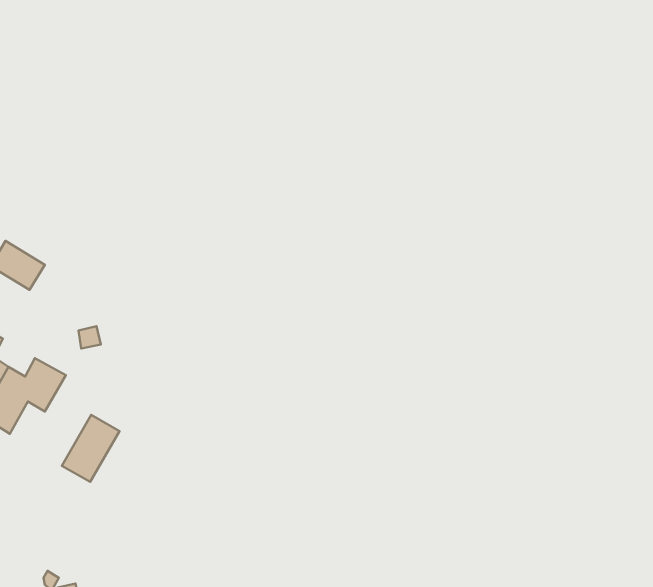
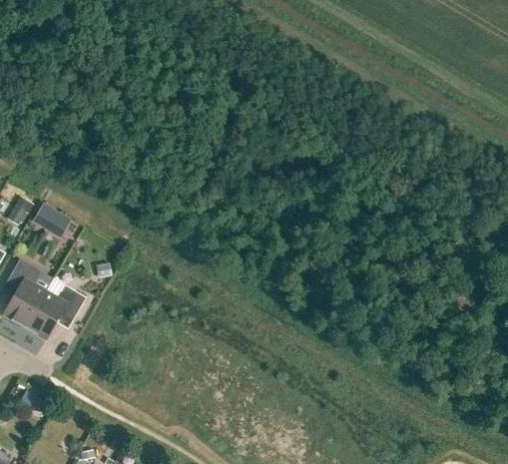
building: [62,415,119,482] -> none

